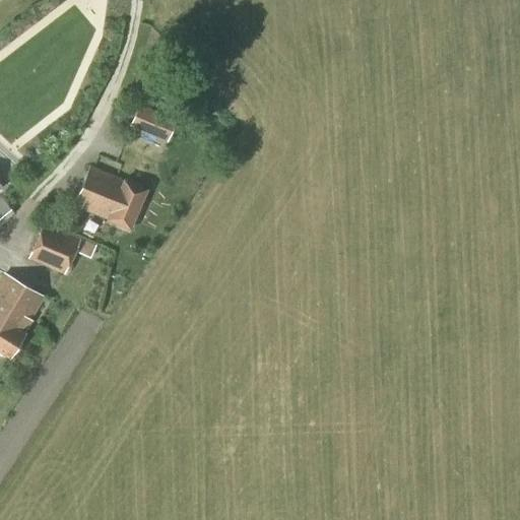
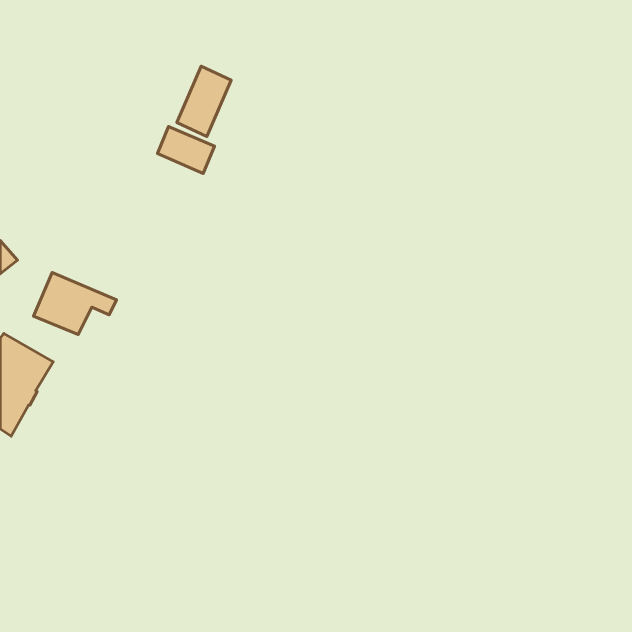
building: none -> [177,66,231,136]
building: [72,165,147,229] -> none

